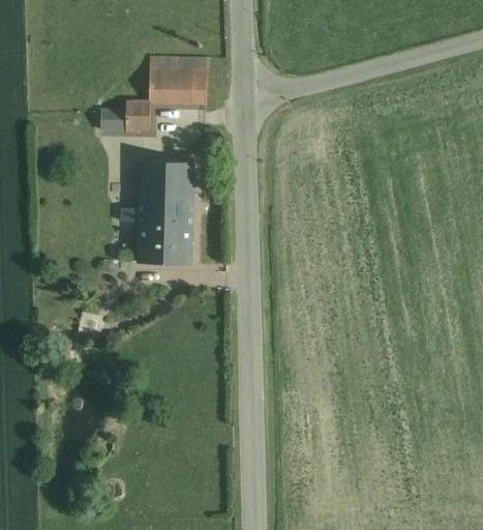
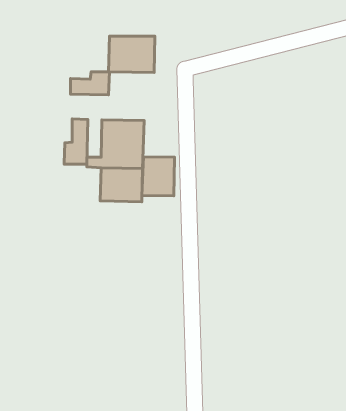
building: none -> [64,119,88,164]
building: none -> [142,157,175,196]

